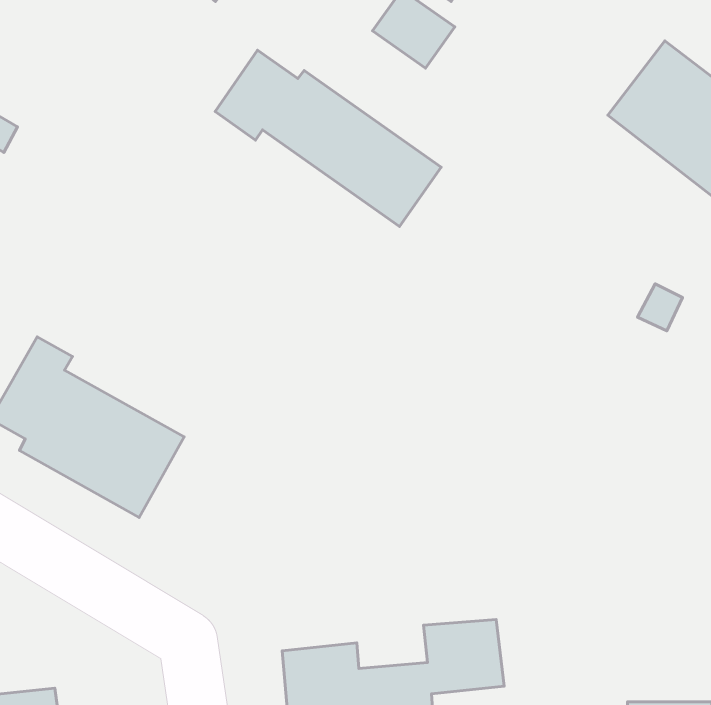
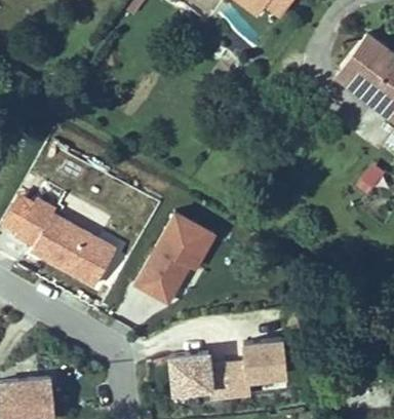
building: [215,50,441,227] -> none
building: none -> [132,211,216,308]

